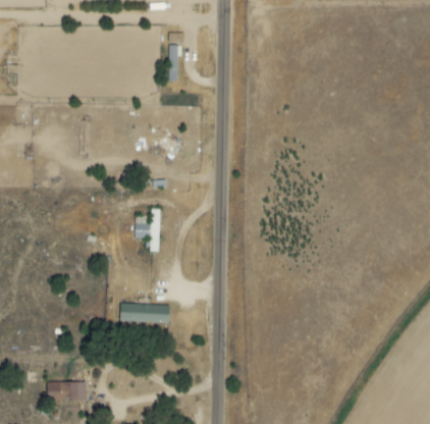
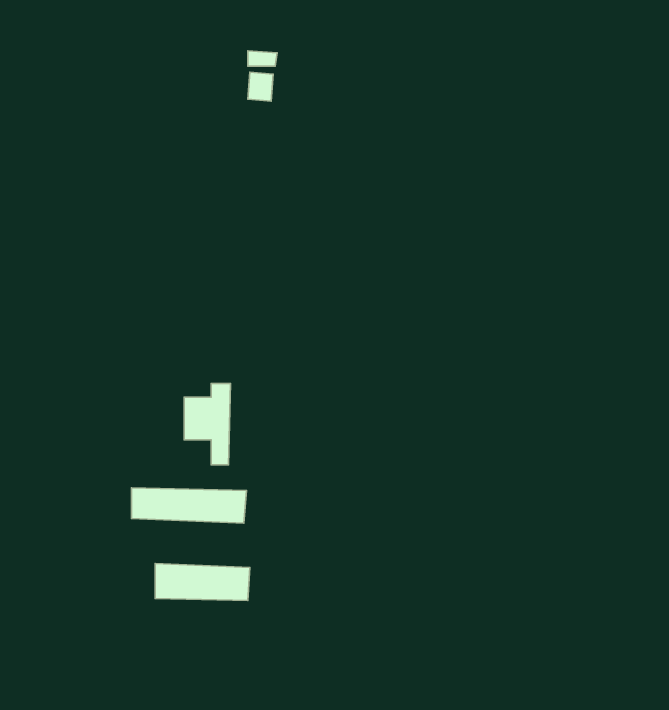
building: none -> [132,488,246,523]

